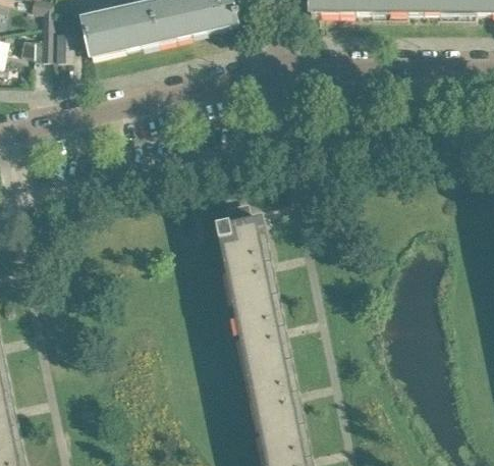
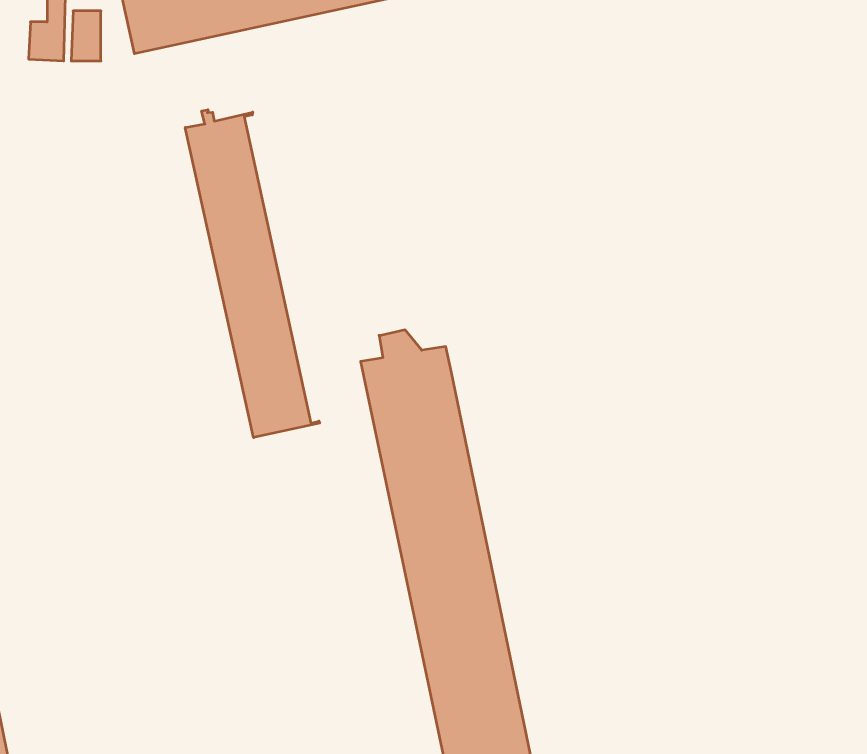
building: none -> [185,110,320,438]

